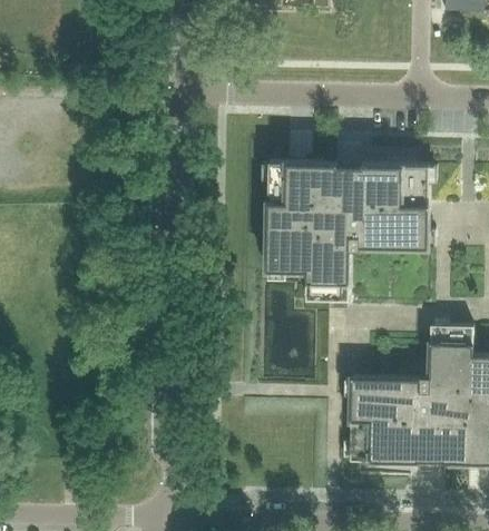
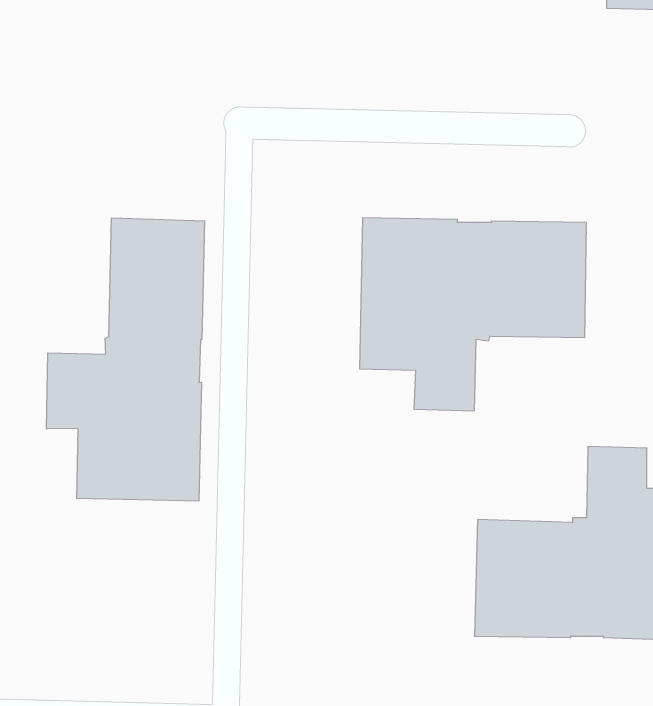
building: none -> [47,218,205,501]

